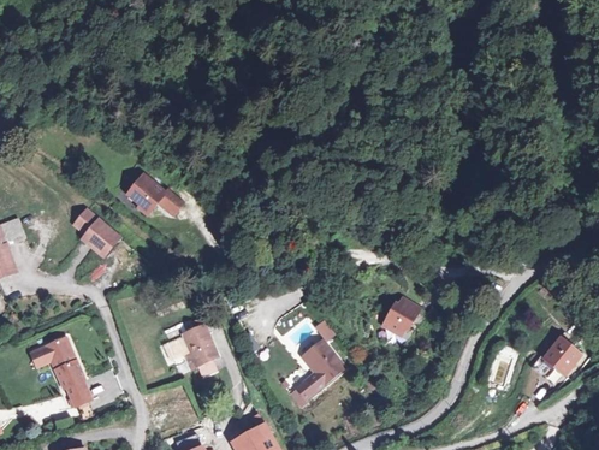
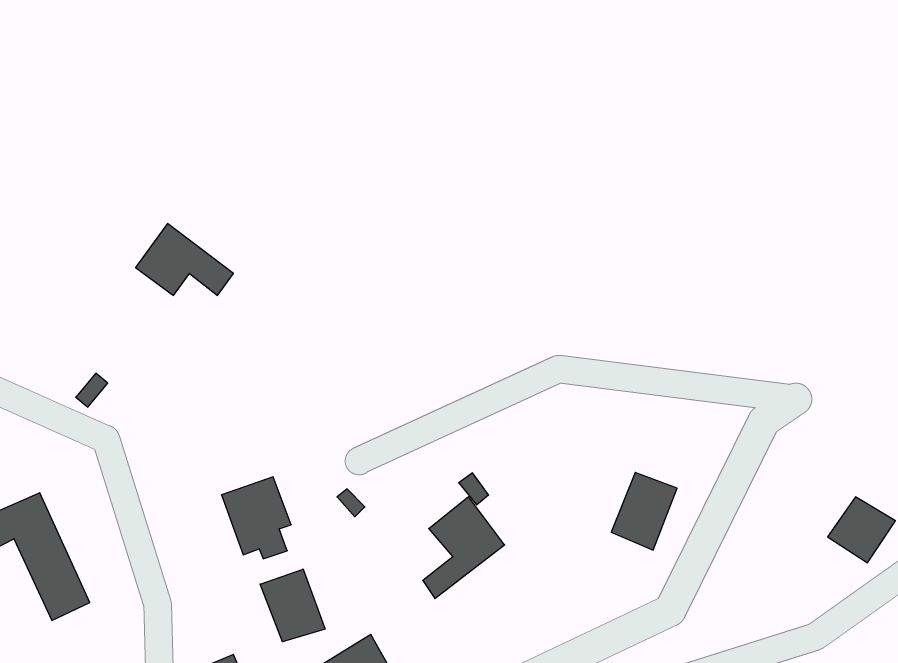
building: [72,208,124,262] -> none
building: [381,295,421,342] -> [611,472,677,550]
building: none -> [260,569,325,642]

